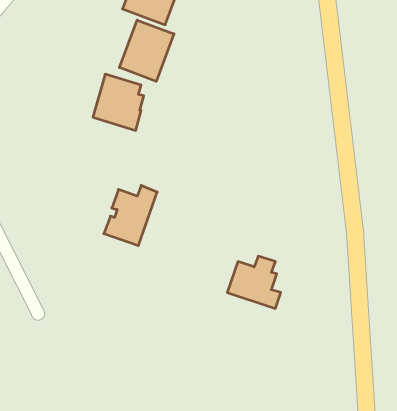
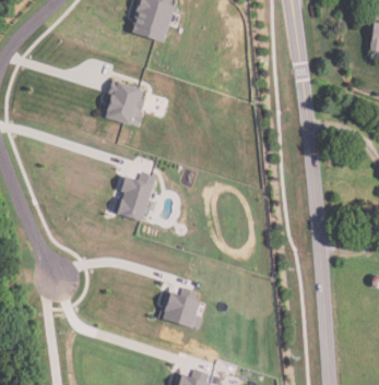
building: [119,20,174,81] -> none
building: [227,256,281,308] -> [158,288,202,330]

